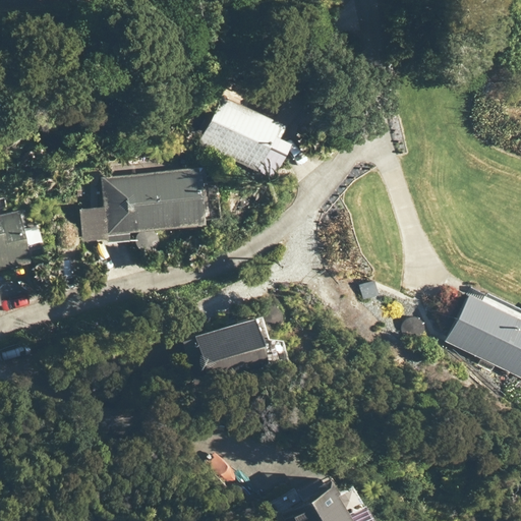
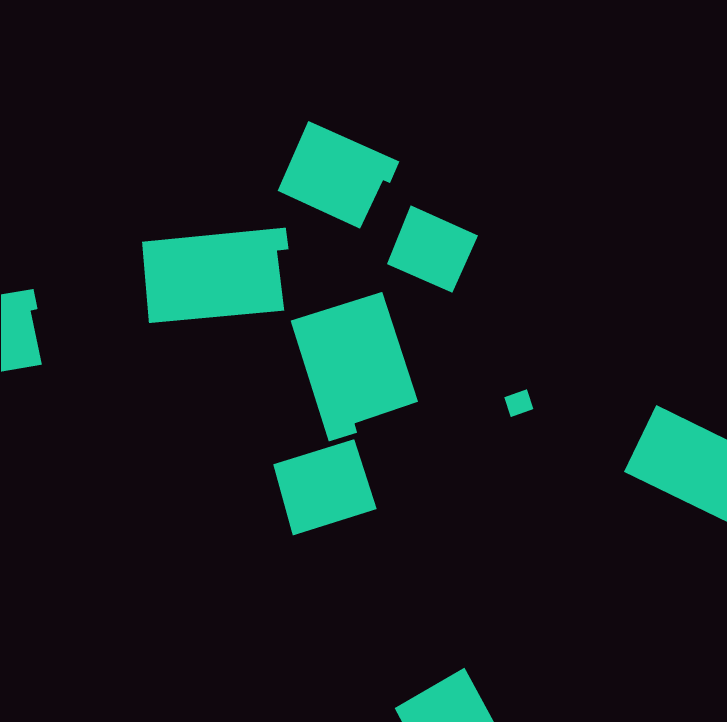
building: none -> [386,204,479,294]
building: none -> [289,291,419,442]

